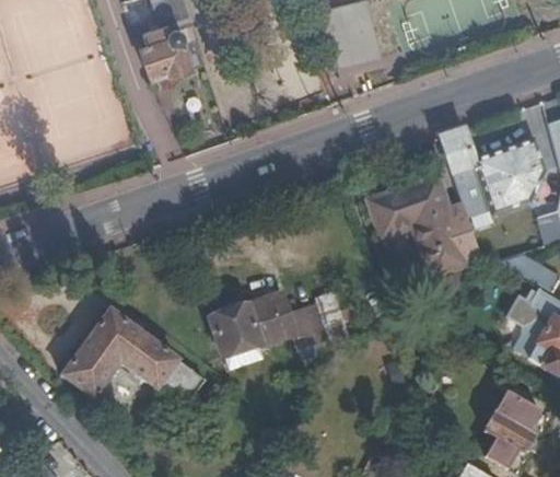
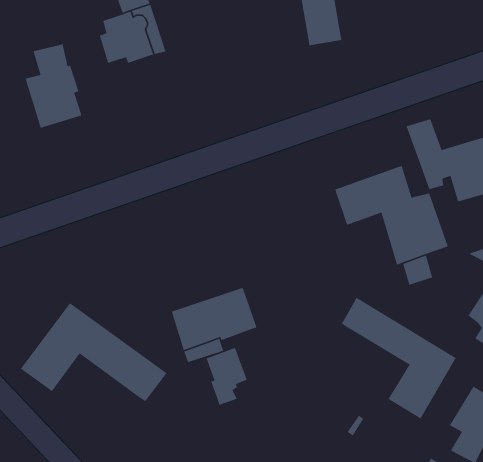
building: none -> [25,44,82,129]
building: [287,301,328,359] -> [206,347,248,406]
building: none -> [341,297,457,419]

